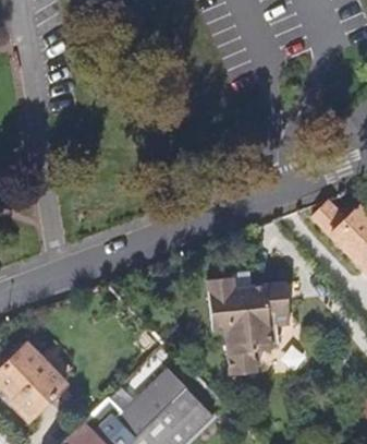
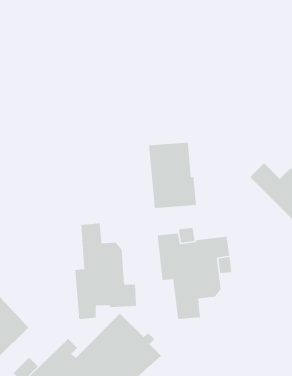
building: none -> [148,142,197,209]
building: none -> [74,222,137,320]

